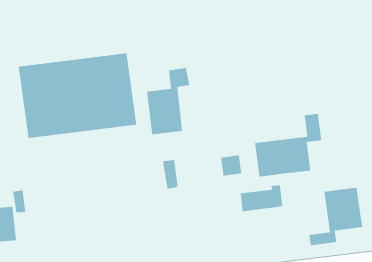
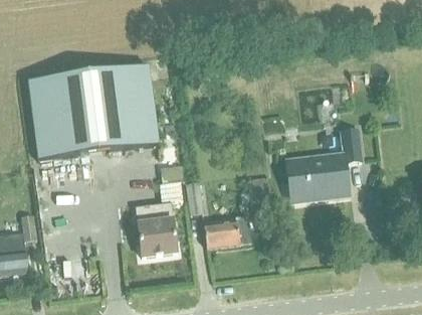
building: [146,67,190,135] -> [137,179,185,254]
building: [240,185,283,212] -> [204,214,251,245]
building: [309,187,363,246] -> none

